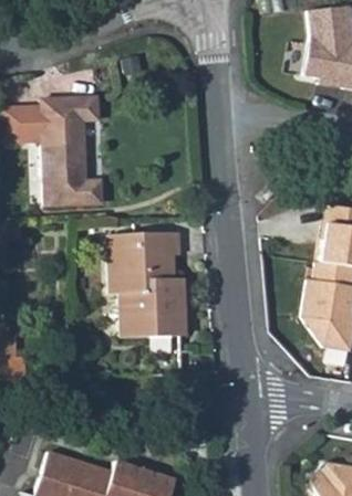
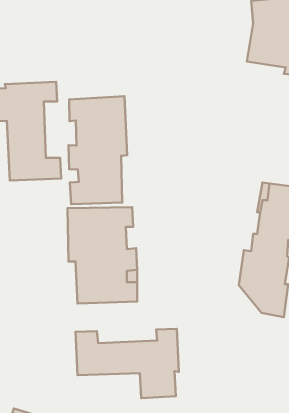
building: none -> [68,96,127,204]
building: none -> [75,329,179,398]

